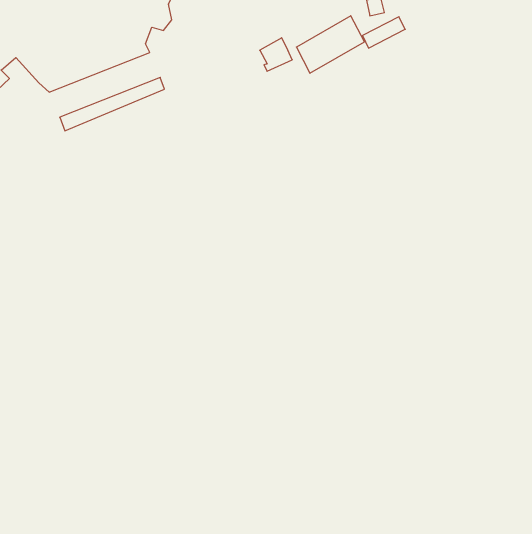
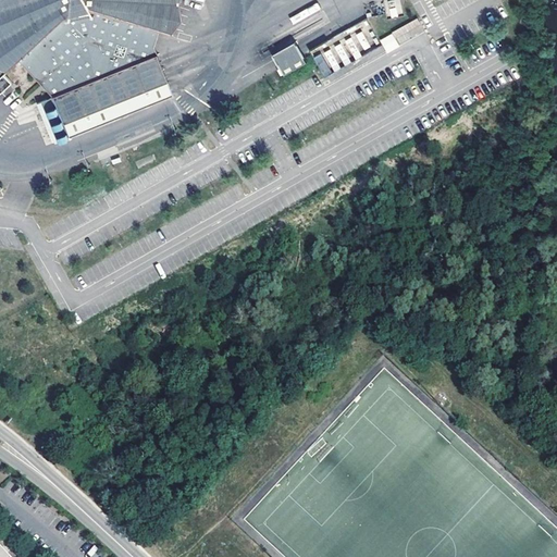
building: none -> [51,54,166,122]

